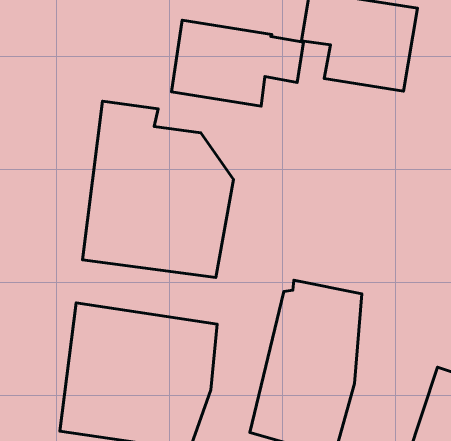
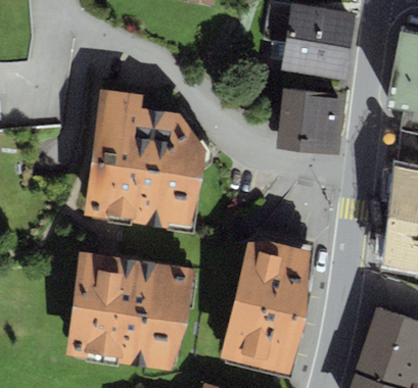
building: [172,20,303,106] -> none
building: none -> [277,88,344,153]

